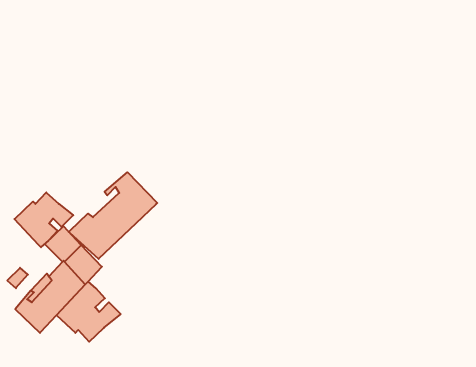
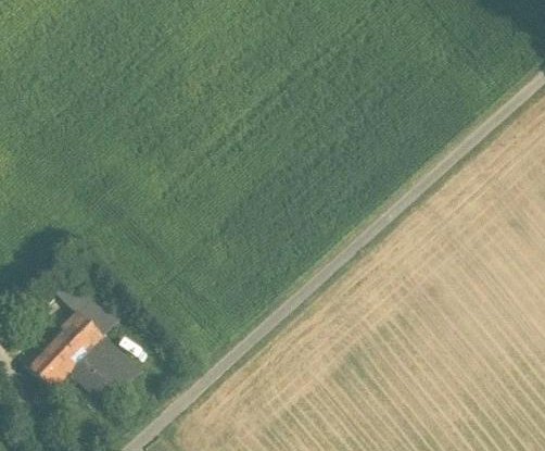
building: [69,172,157,259] -> none
building: [14,192,73,247] -> none

